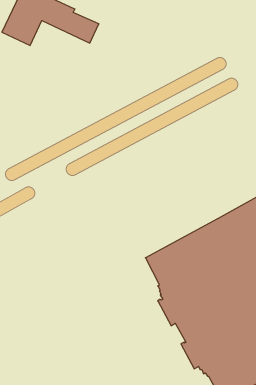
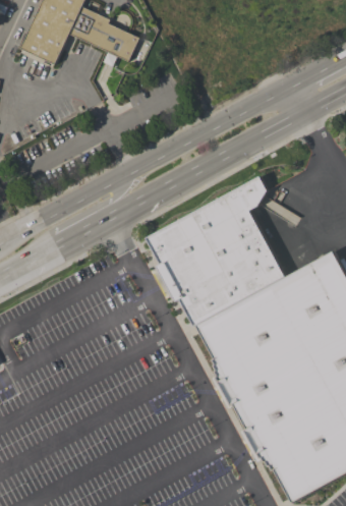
building: none -> [148,175,286,325]

